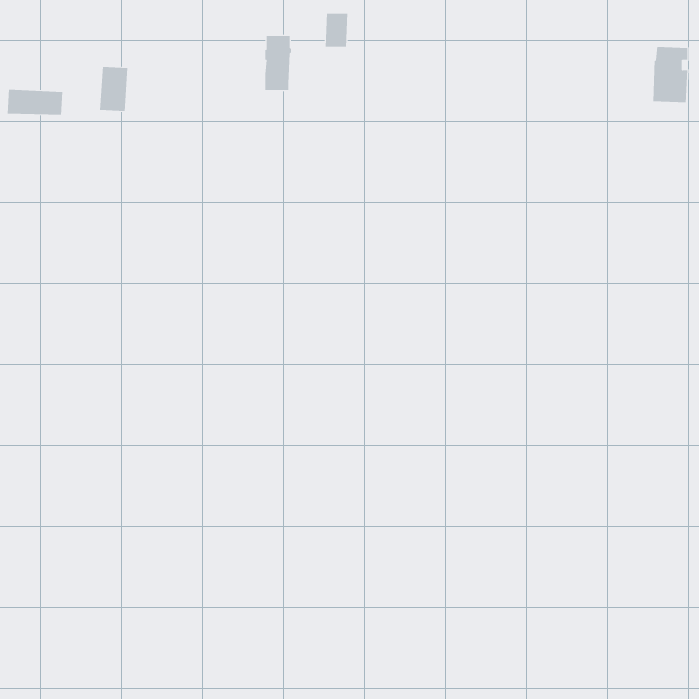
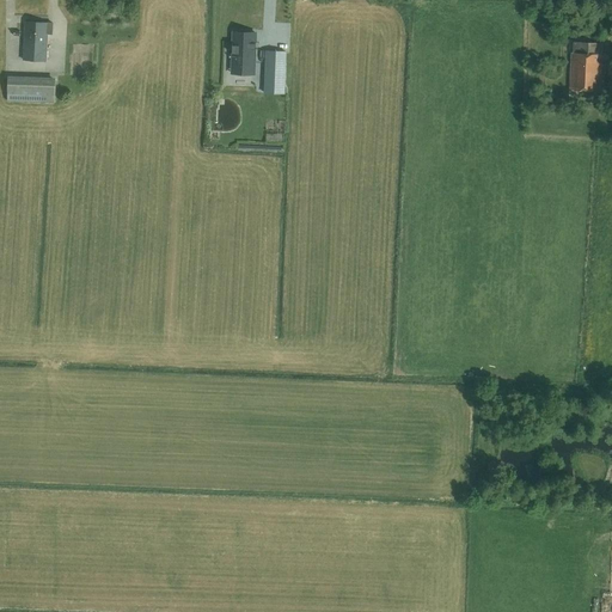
building: [325,13,348,47] -> [263,62,283,92]
building: [99,66,128,112] -> [22,20,47,60]

